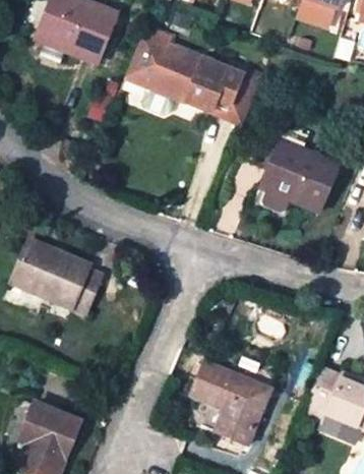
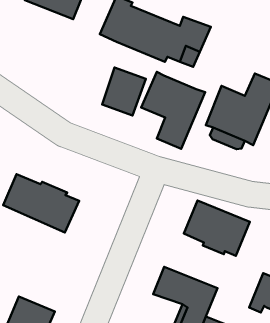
building: none -> [102,68,146,115]
building: none -> [141,72,205,149]
building: none -> [184,200,250,256]

